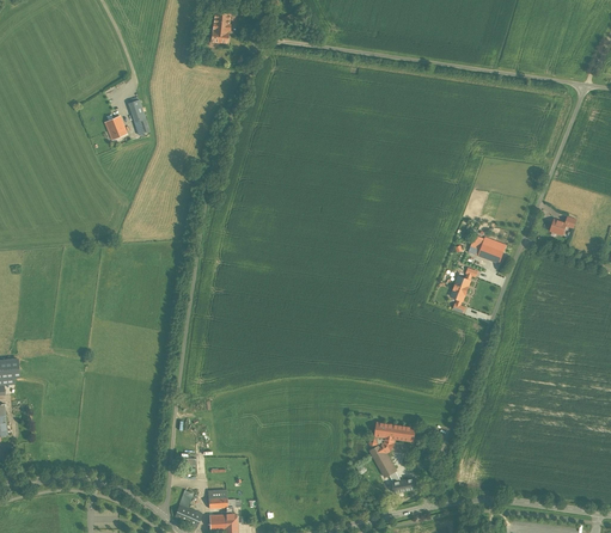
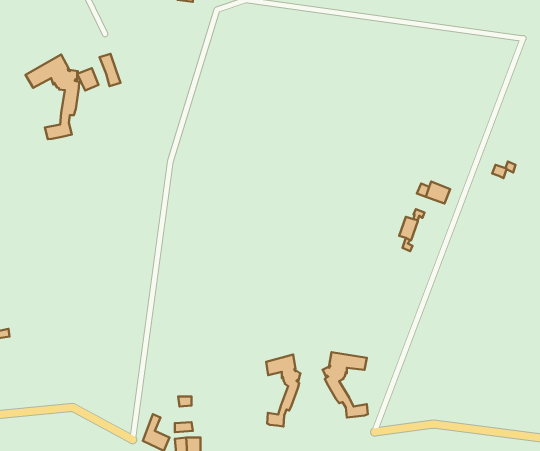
building: none -> [26,55,79,139]
building: none -> [266,354,301,427]

